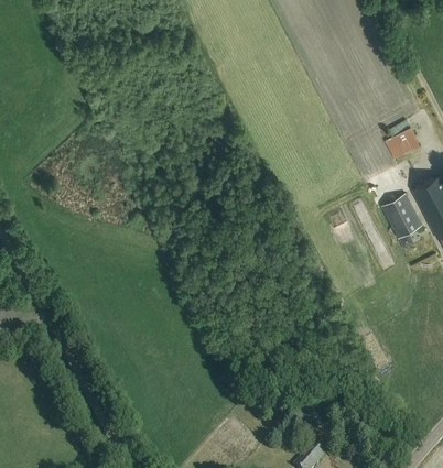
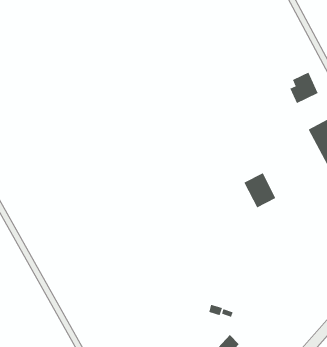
building: [380,195,421,239] -> [243,173,276,208]

